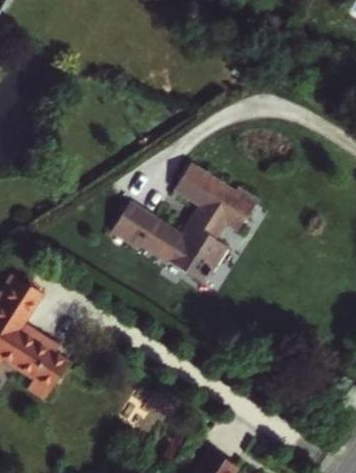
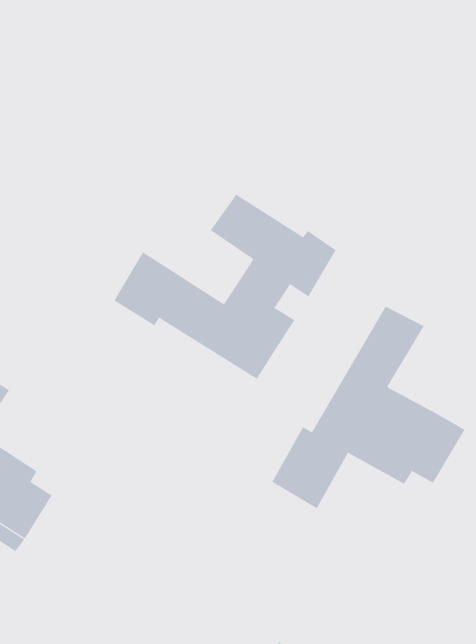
building: none -> [271,306,465,509]

